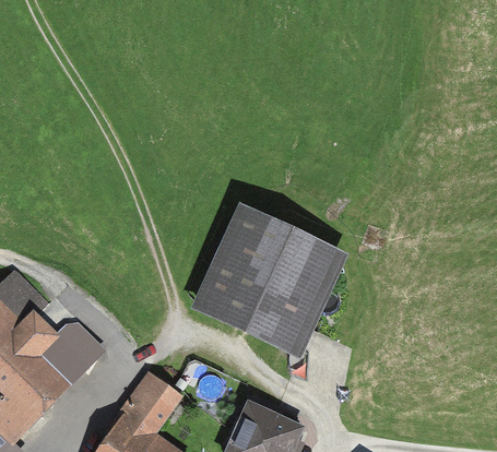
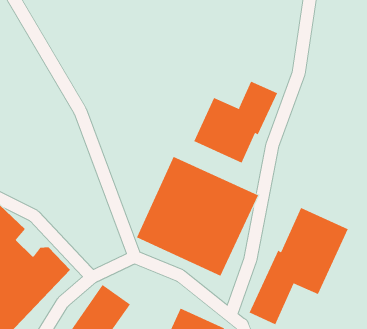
building: none -> [194,81,278,163]
building: none -> [249,207,349,325]

